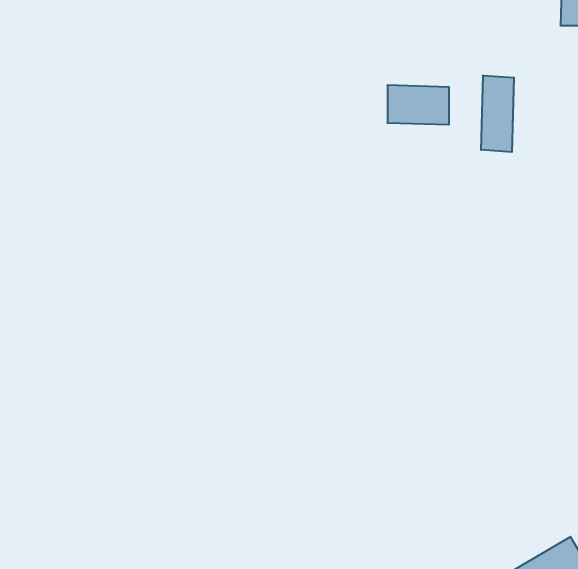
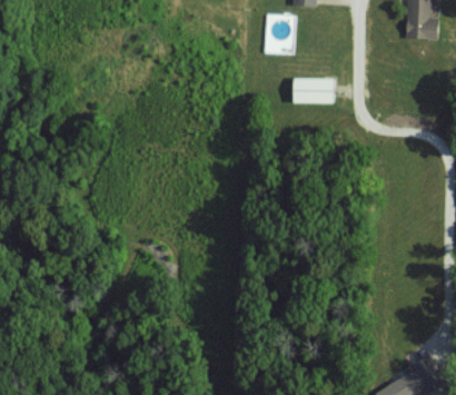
building: [481,75,514,152] -> none

